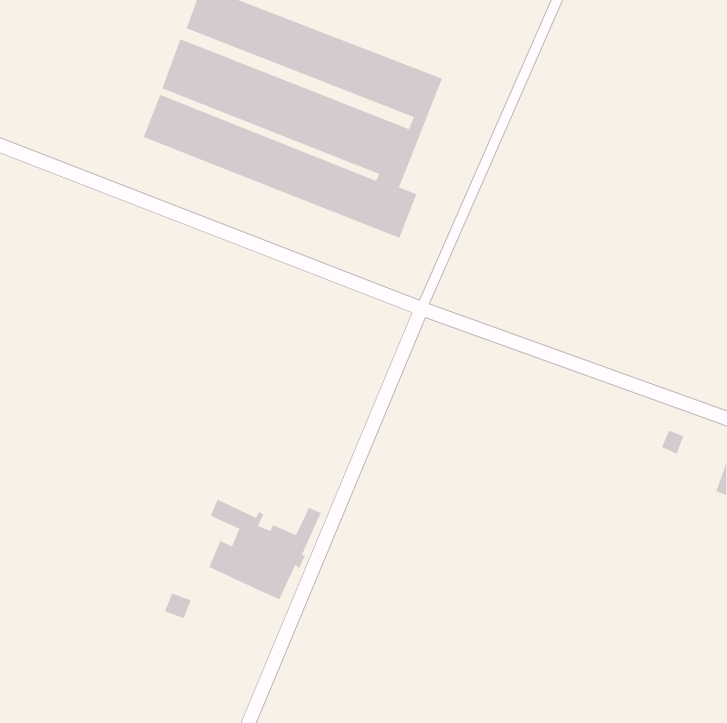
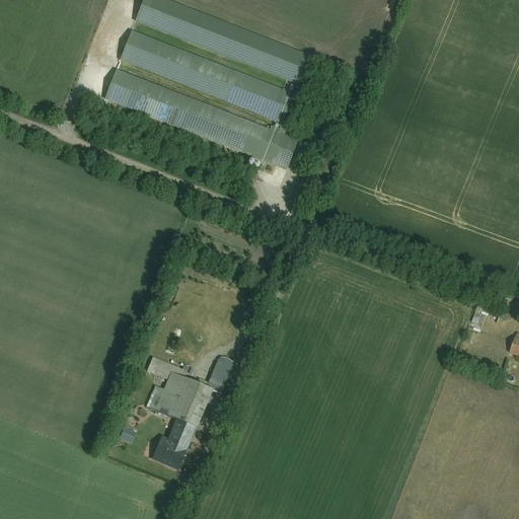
building: none -> [152,416,199,465]

